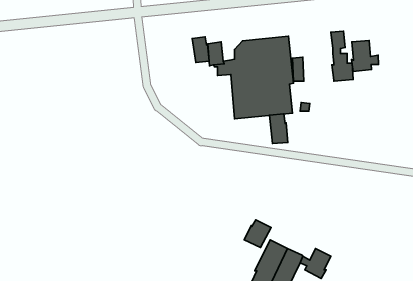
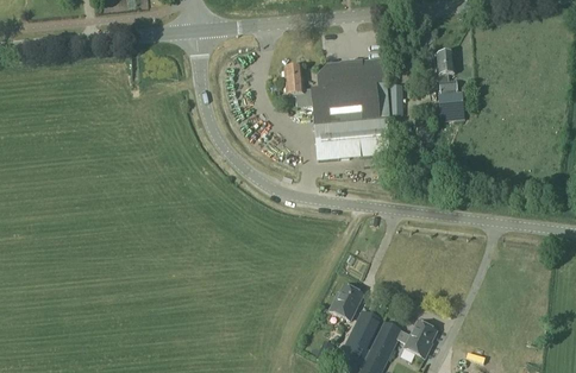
building: [192,37,209,62] -> none
building: [352,41,378,71] -> none
building: [269,114,288,143] -> none

